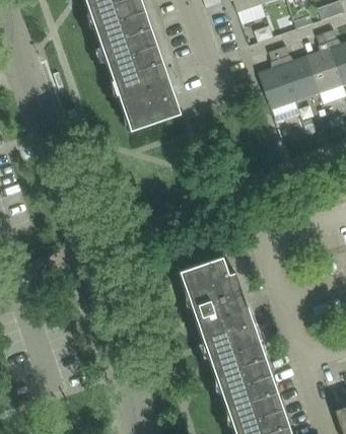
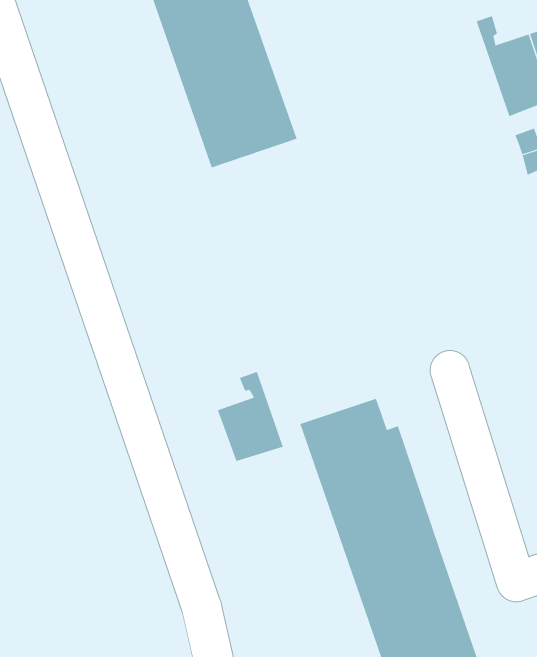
building: [259,49,296,110] -> none
building: none -> [217,371,283,462]

